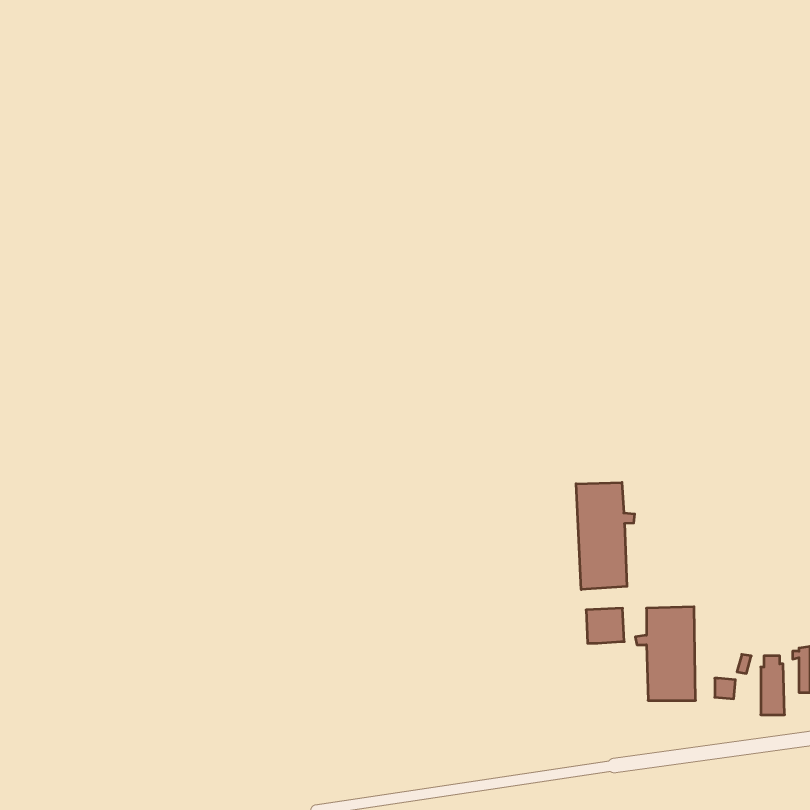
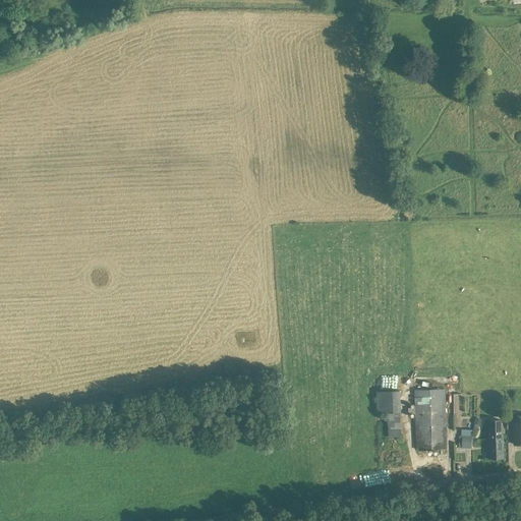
building: [576,482,635,590] -> none

